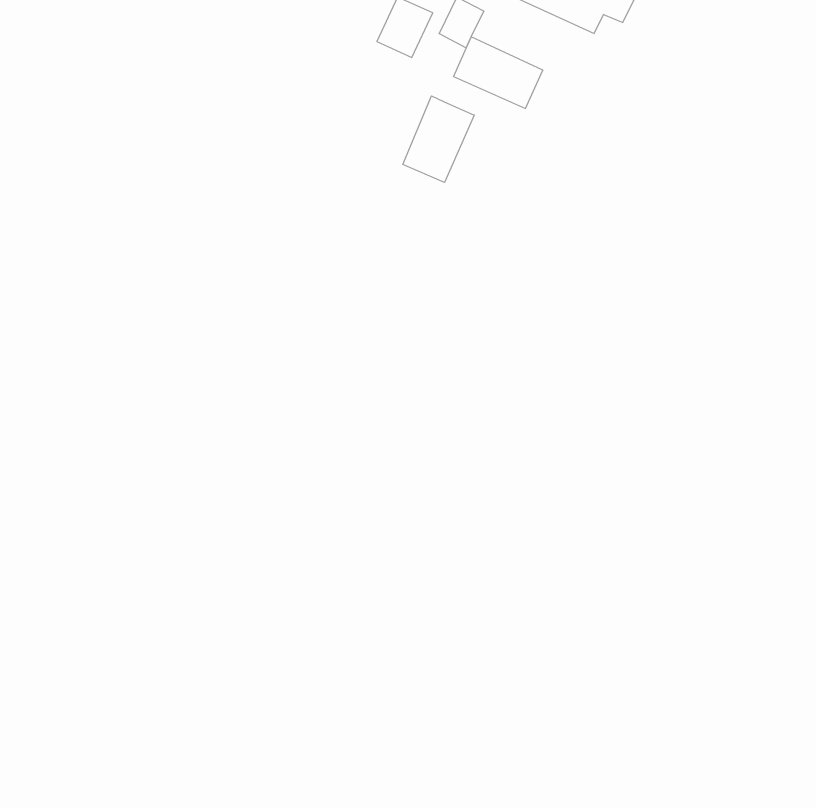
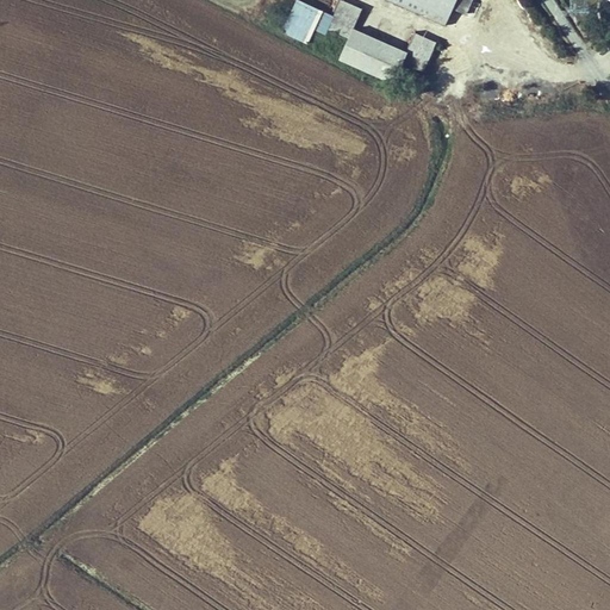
building: none -> [403,32,435,70]
building: [403,96,474,182] -> none

